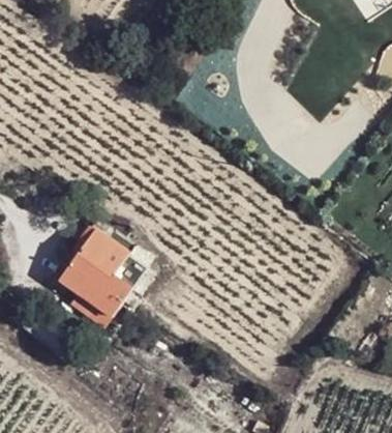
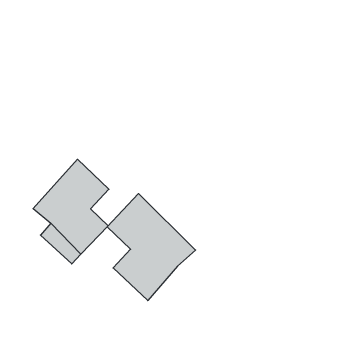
building: none -> [107,194,196,301]

